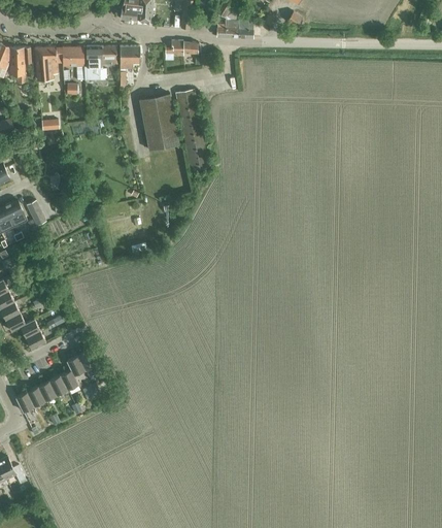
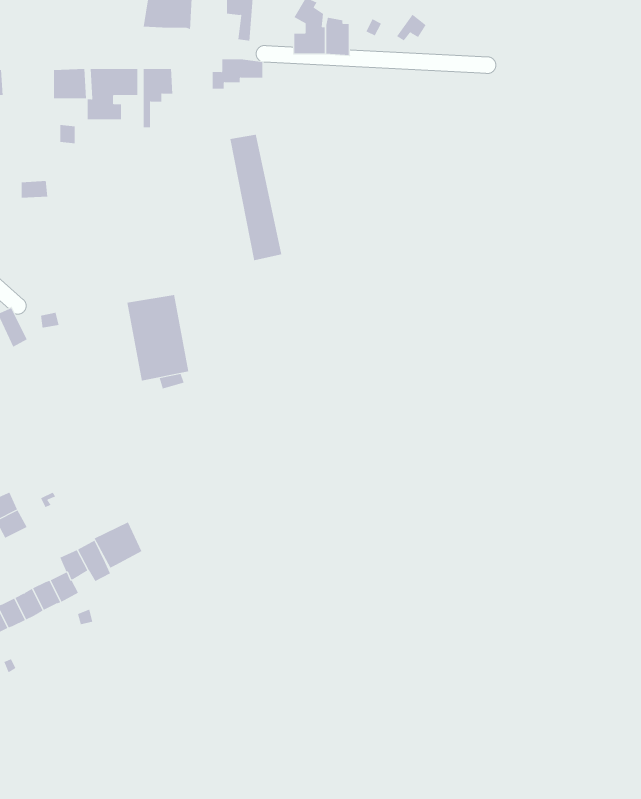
building: [34,47,62,80] -> none
building: [139,94,179,150] -> [127,295,189,381]
building: none -> [94,521,142,569]

